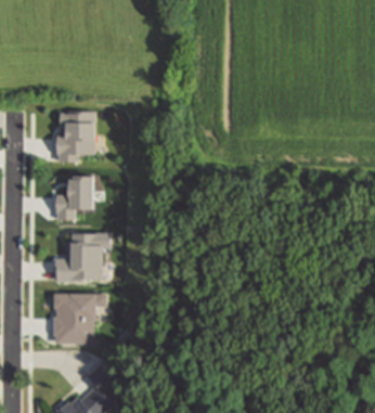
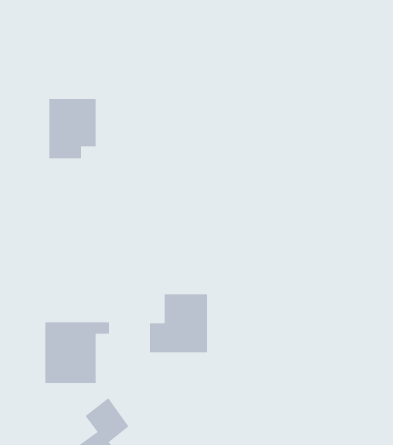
building: [54,176,91,220] -> none
building: [54,233,102,282] -> [149,293,208,353]

